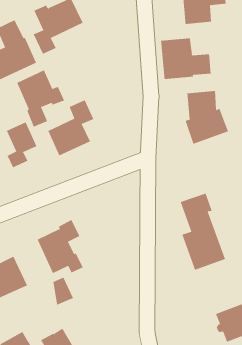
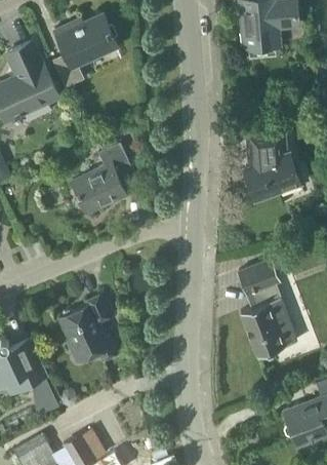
building: [161,38,211,80] -> none
building: [16,70,65,128] -> none
building: [6,121,37,168] -> none
building: [52,277,74,306] -> [32,379,58,415]

